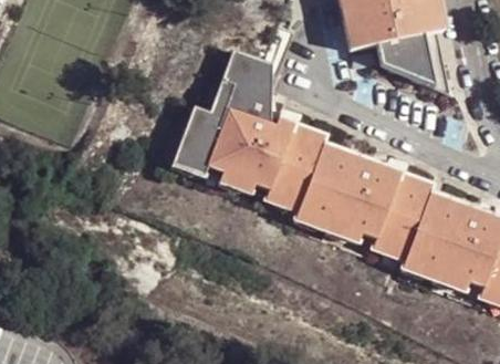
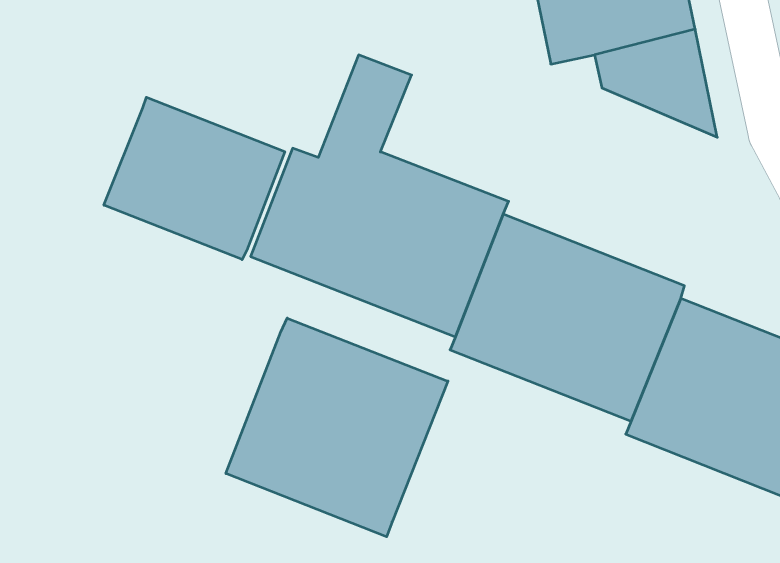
building: none -> [104,97,285,260]
building: none -> [226,318,448,537]

